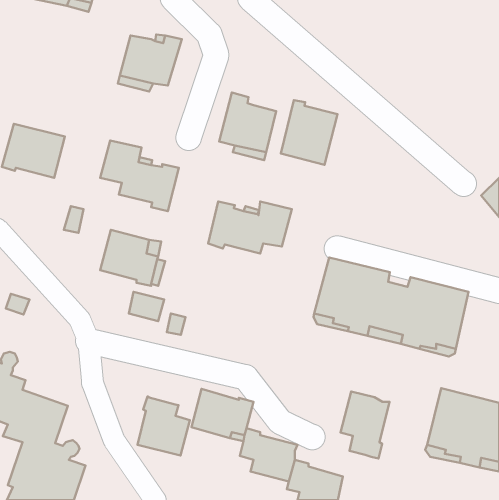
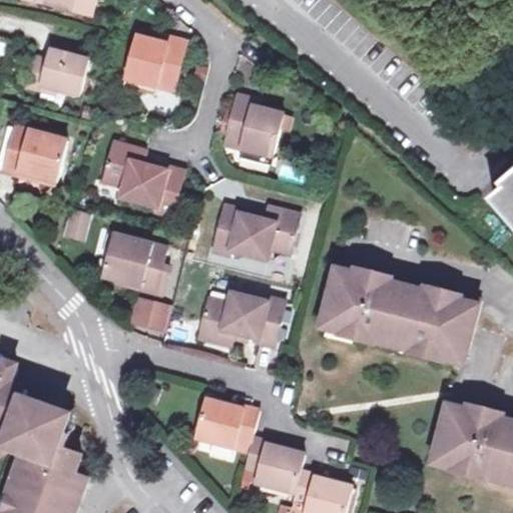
building: none -> [25,50,87,93]
building: [281,100,337,165] -> none
building: none -> [198,293,285,345]
building: [340,391,390,459] -> none
building: [138,396,190,455] -> none

